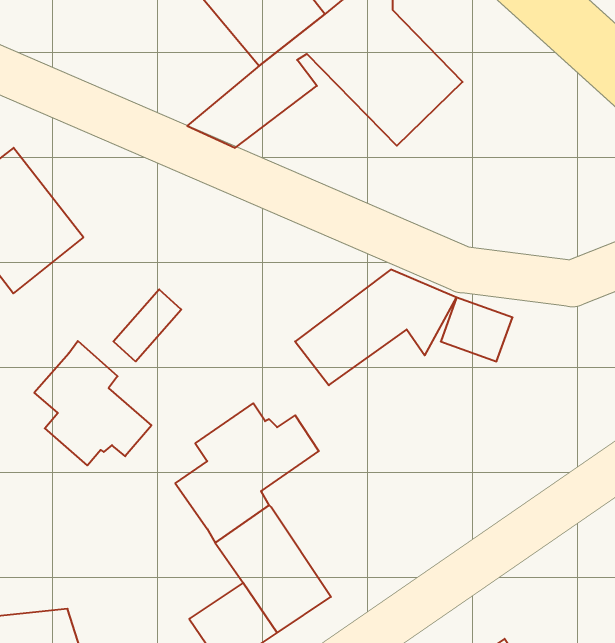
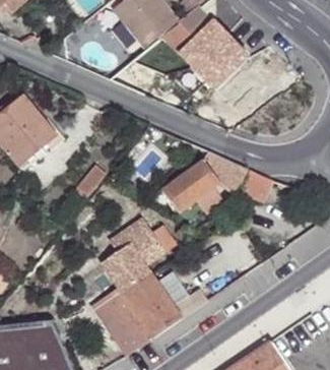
building: [34,341,151,465] -> none
building: none -> [92,284,138,329]

